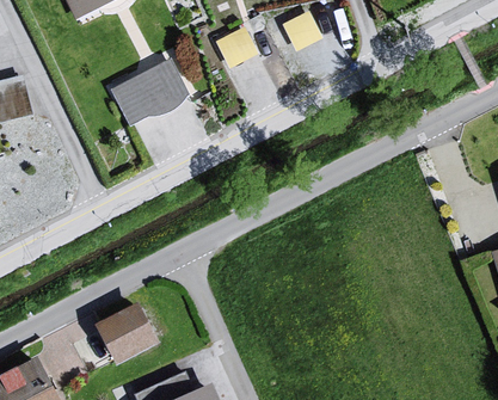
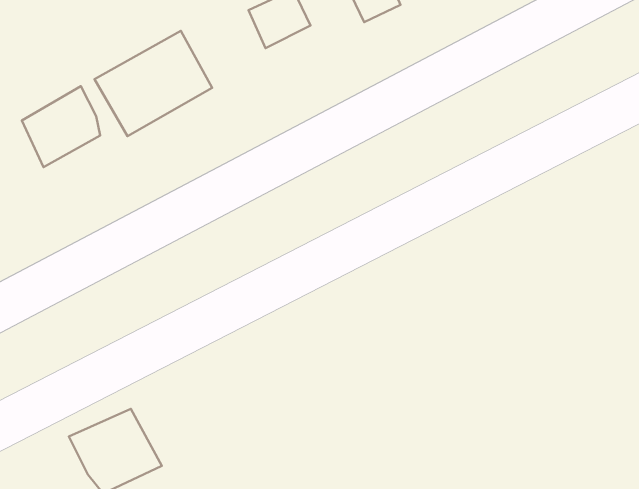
building: none -> [22,86,100,167]

